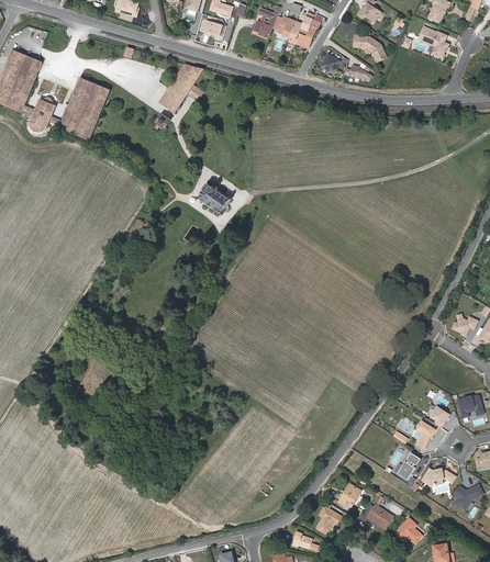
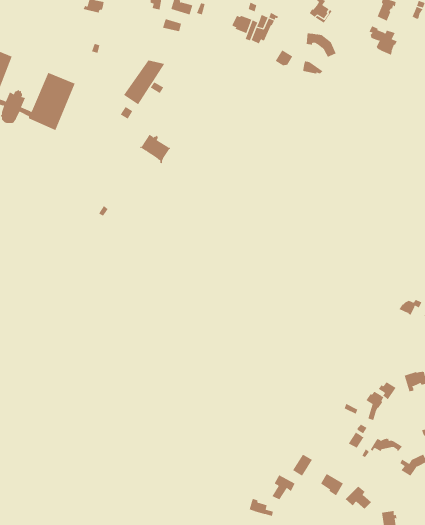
building: [254,5,280,37] -> none
building: [197,183,231,215] -> [139,134,171,164]

